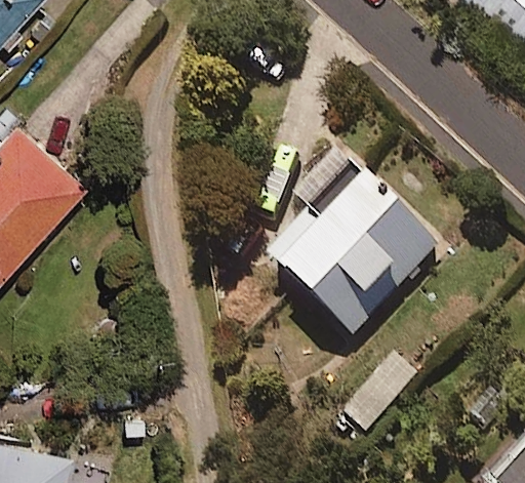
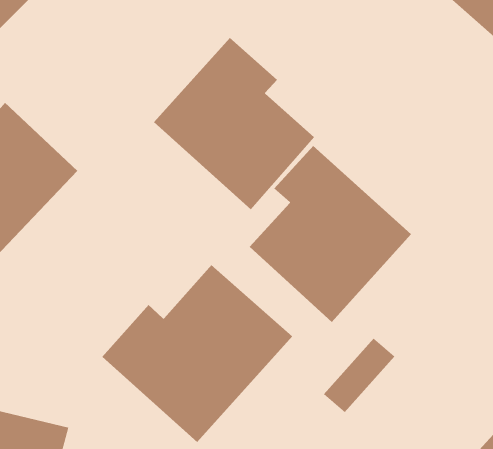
building: none -> [153,37,315,210]
building: none -> [102,264,293,443]

